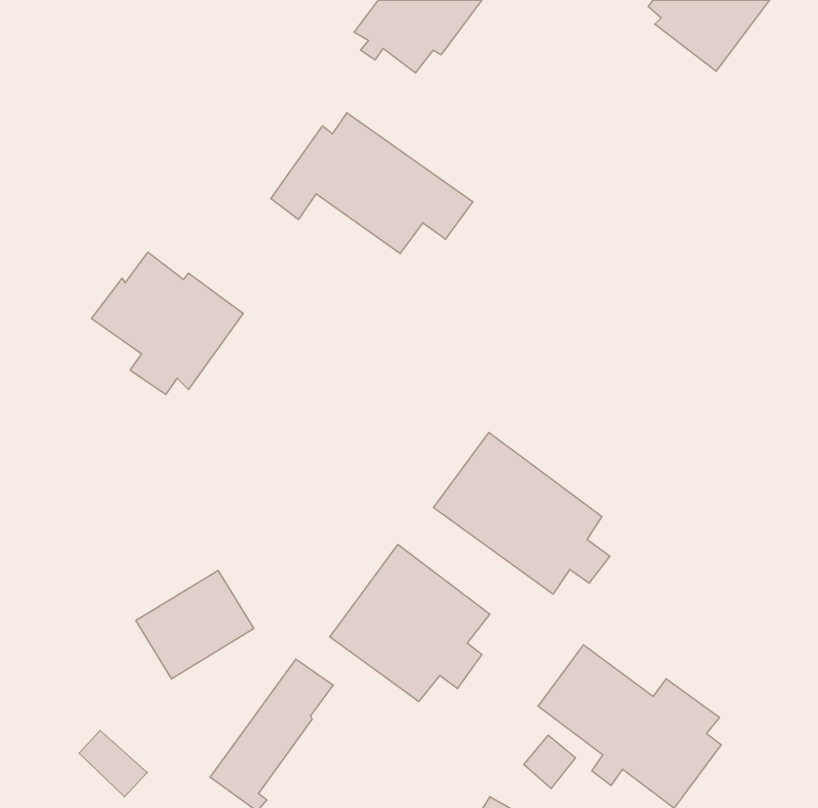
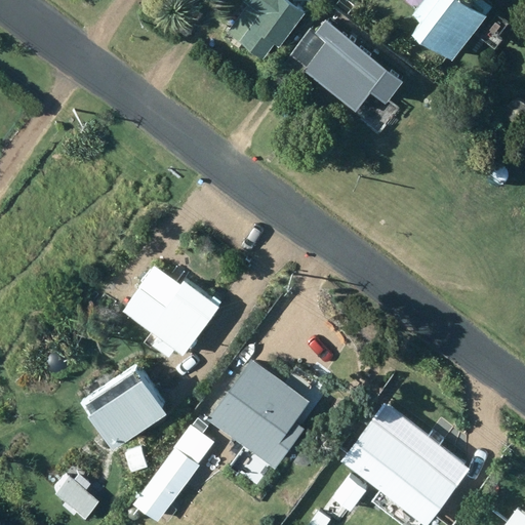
building: [271,113,473,254] -> [277,21,405,110]
building: [91,252,243,394] -> [123,267,219,357]
building: [434,433,610,594] -> none

